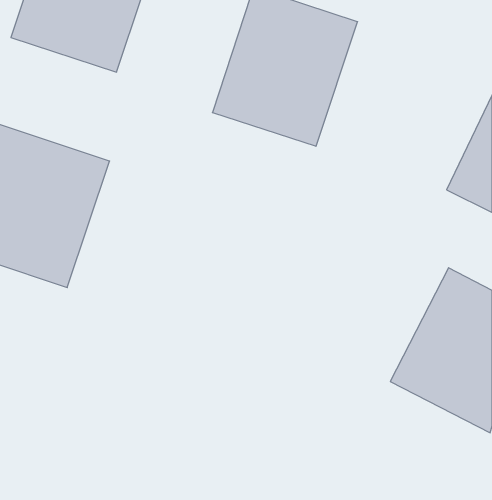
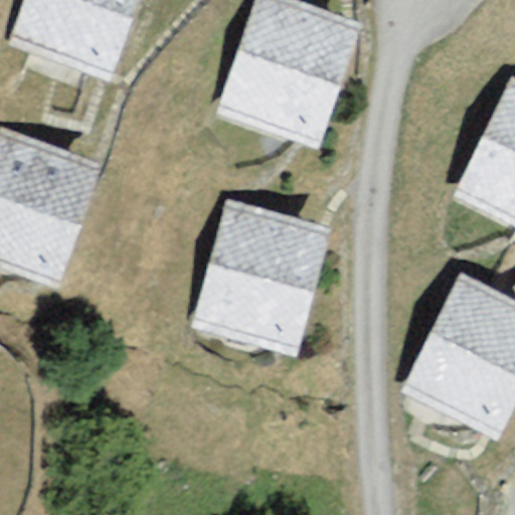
building: none -> [186,196,334,355]

